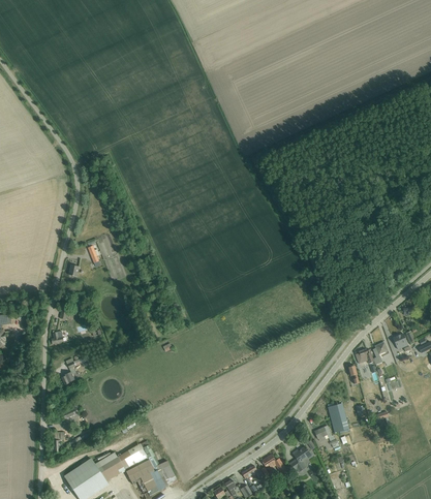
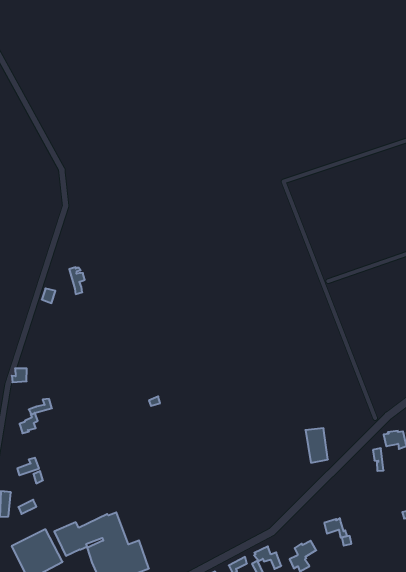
building: [328,404,348,433] -> [305,428,328,463]

